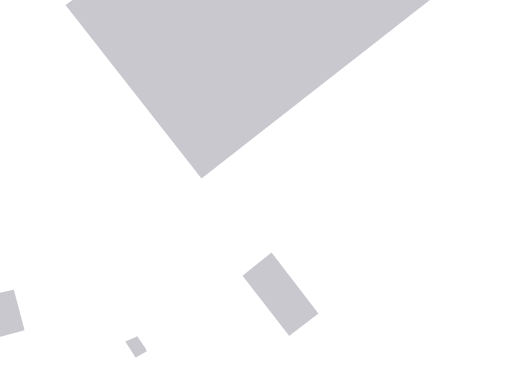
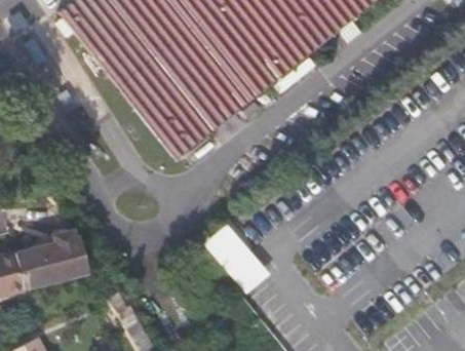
building: none -> [15,228,87,287]

